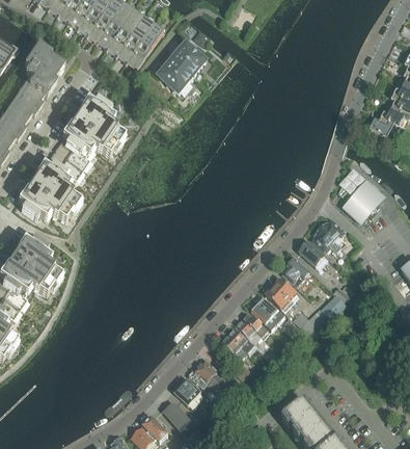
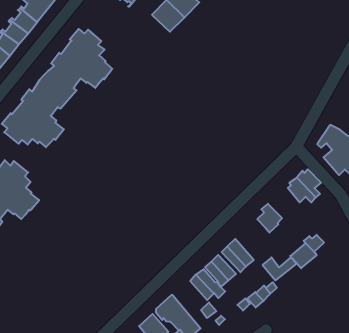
building: [298,240,327,269] -> none
building: [265,278,295,308] -> none

